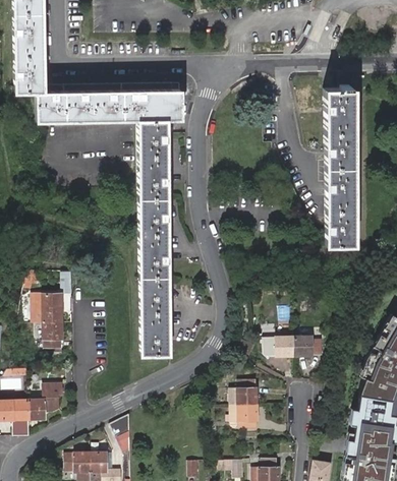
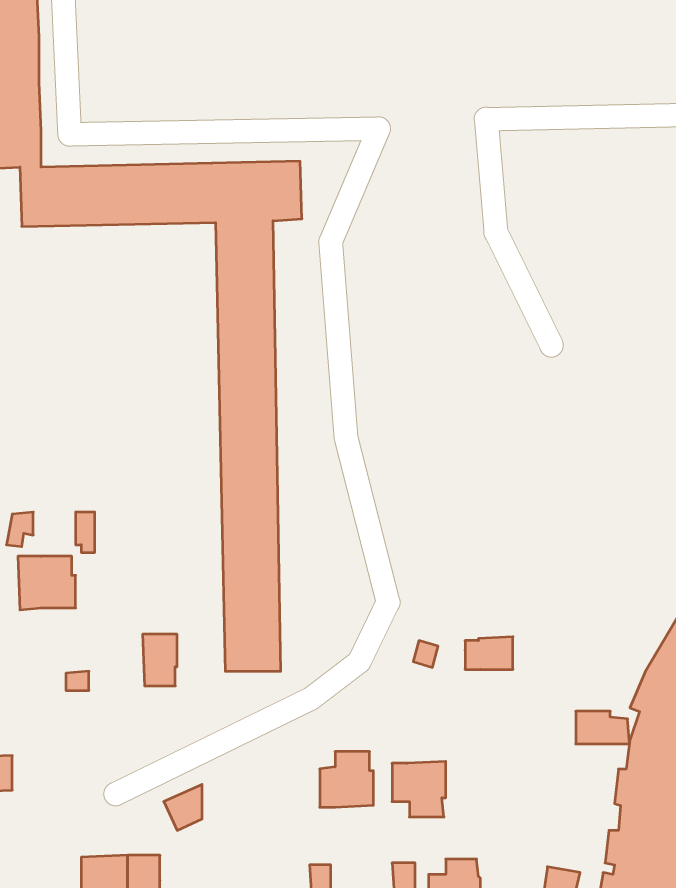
building: [328,89,359,249] -> none
building: [46,324,64,352] -> [143,634,177,686]
building: [296,340,325,357] -> [576,711,630,744]
building: [232,377,261,407] -> [320,752,373,807]
building: [31,388,65,421] -> none

